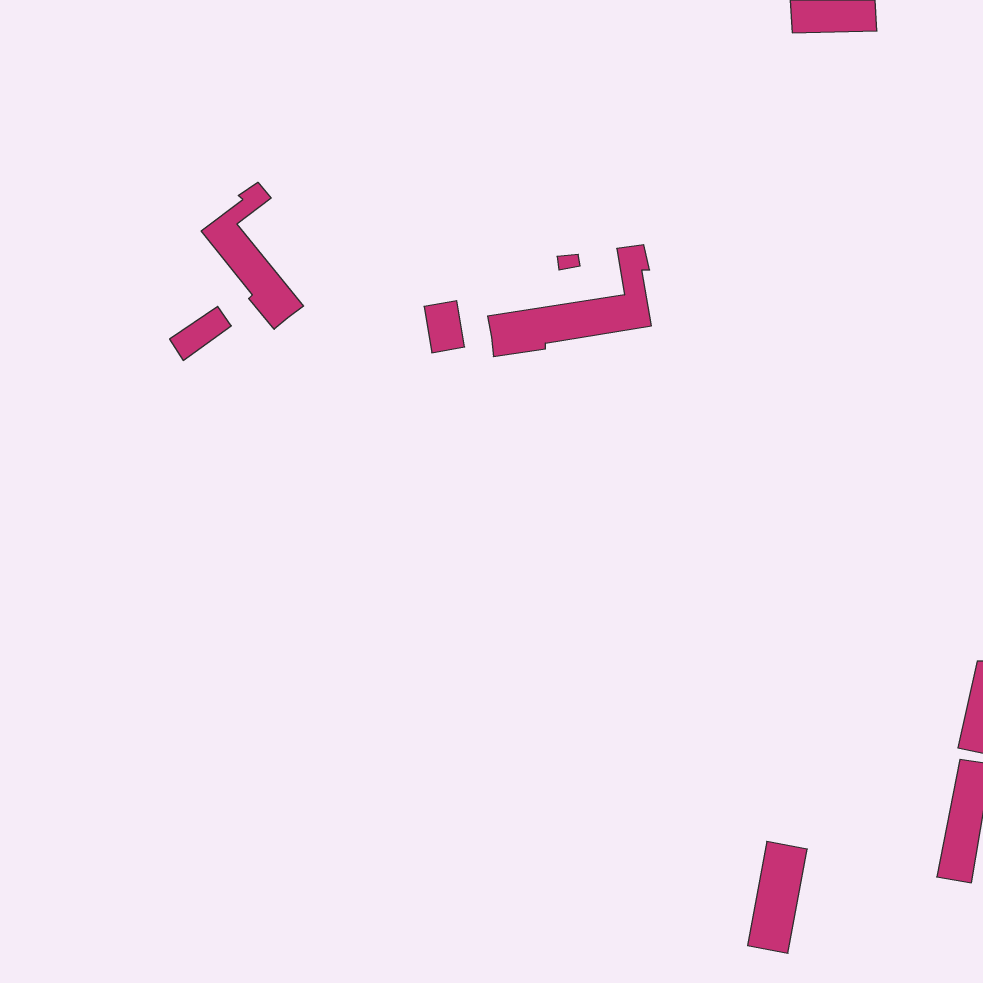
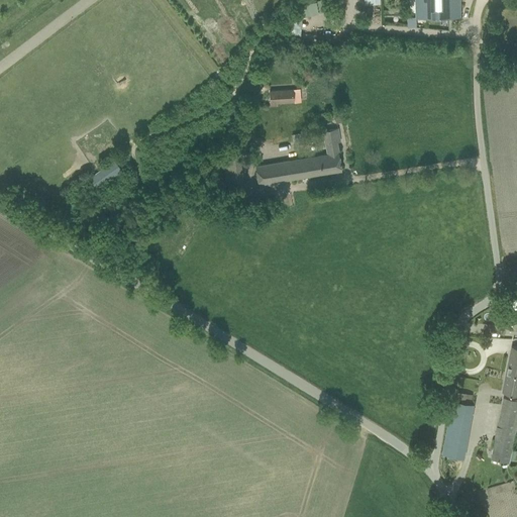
building: none -> [271,90,301,107]
building: [201,182,304,329] -> none
building: [748,841,807,953] -> [443,401,475,459]

